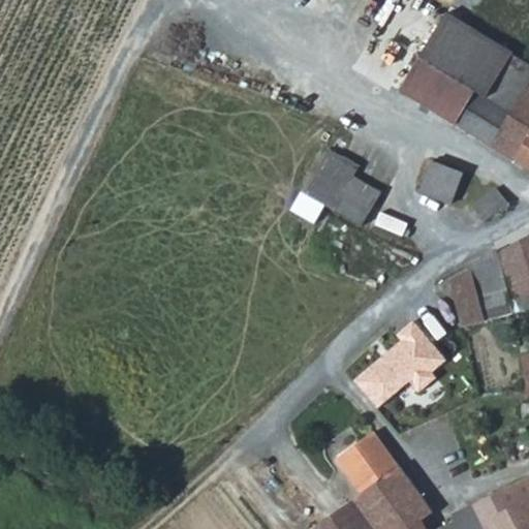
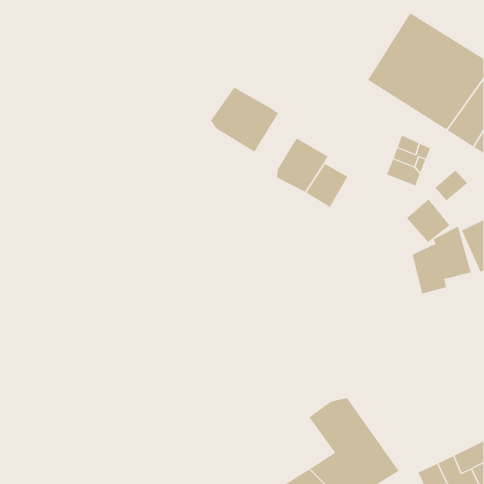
building: none -> [210,87,279,152]
building: none -> [406,199,450,243]
building: [354,323,450,413] -> none

